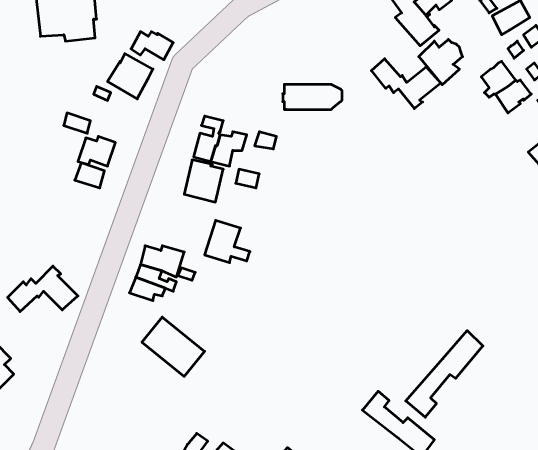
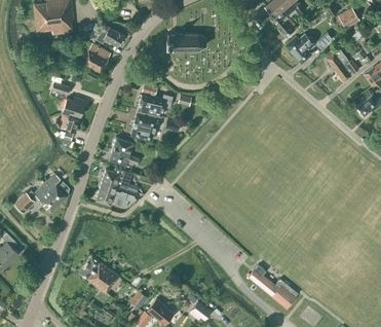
building: [371,59,441,109] -> none
building: [283,84,342,109] -> [167,33,206,49]
building: [205,220,250,263] -> [110,137,140,165]
building: none -> [44,170,70,202]
building: [142,317,205,376] -> [79,255,120,294]
building: [406,331,483,417] -> none

